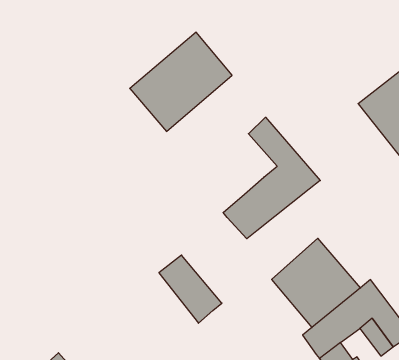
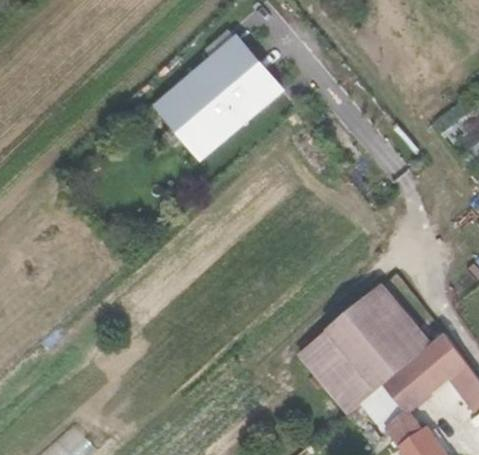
building: [223,117,320,239] -> none
building: [159,255,222,323] -> [299,333,374,414]

